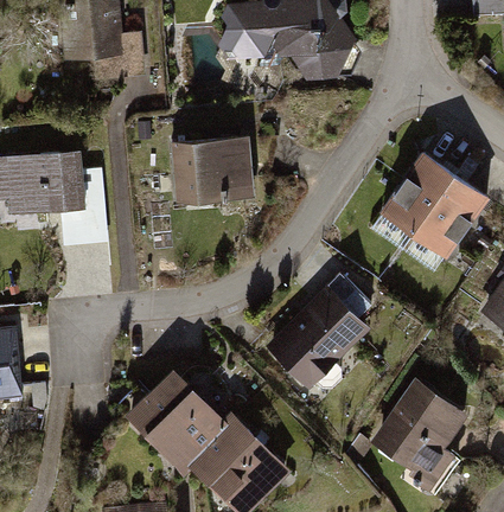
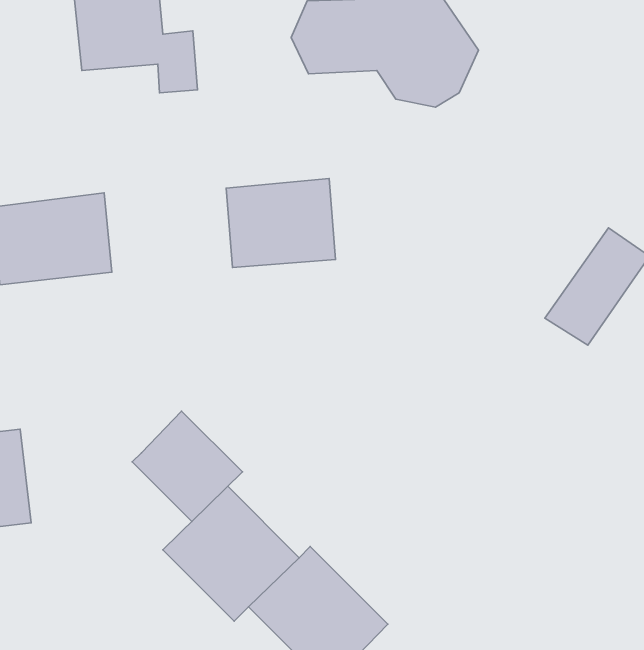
building: [377,152,457,243] -> none
building: [262,286,366,390] -> none
building: none -> [132,411,242,521]
building: [369,367,465,484] -> none

